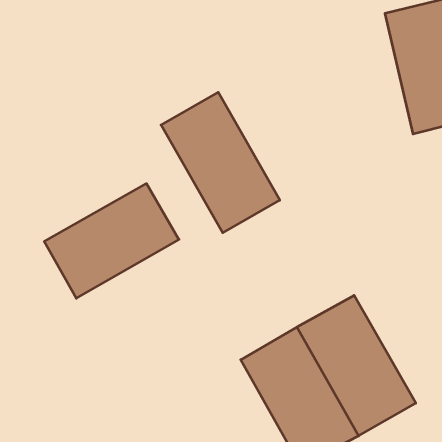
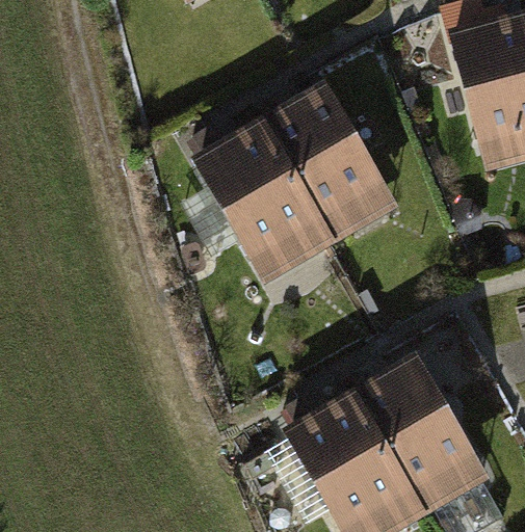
building: none -> [261,85,396,246]
building: [44,184,179,298] -> none

